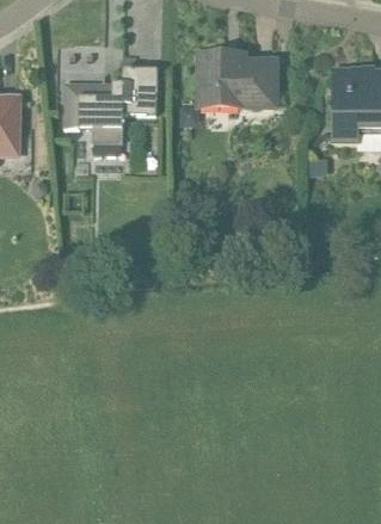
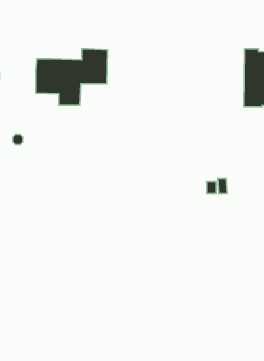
building: [199,50,274,106] -> none

